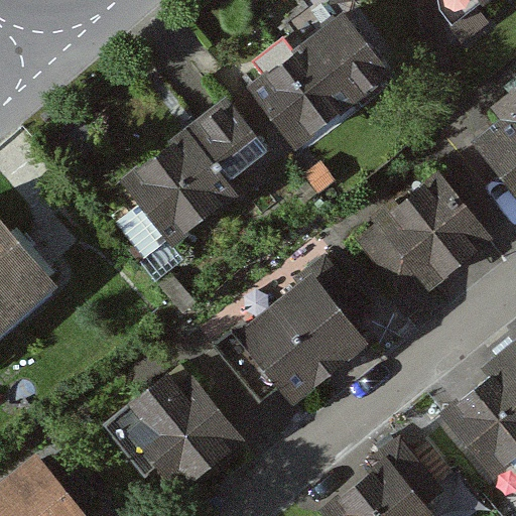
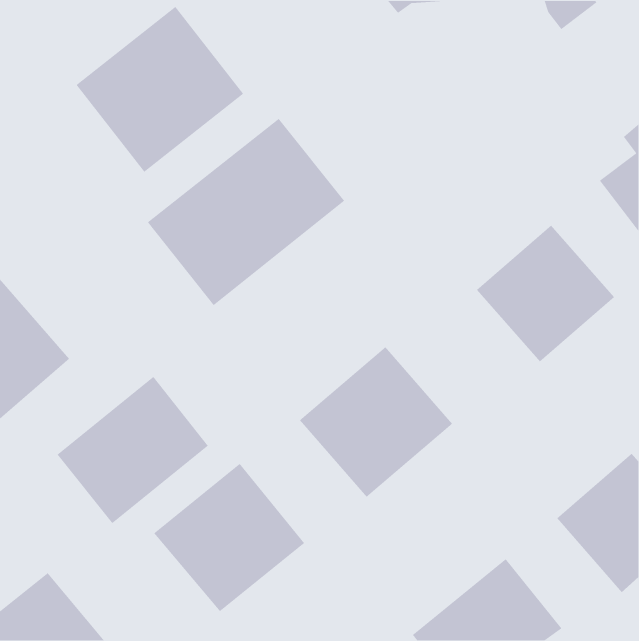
building: none -> [75,6,244,173]
building: [244,10,389,148] -> none
building: none -> [57,376,209,524]

